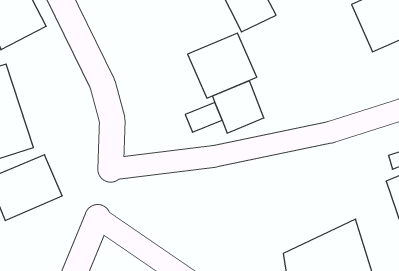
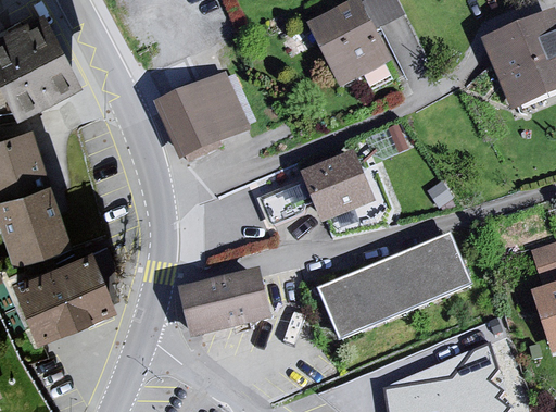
building: [188,33,257,98] -> [160,70,253,158]
building: none -> [318,235,470,339]
building: none -> [174,267,265,333]

